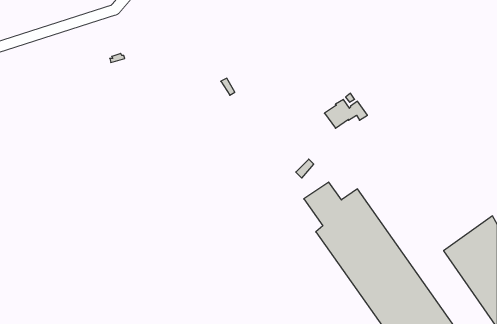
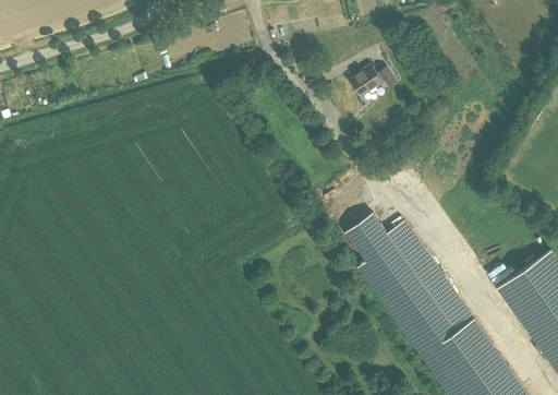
building: [324,99,367,128] -> [350,64,397,96]

